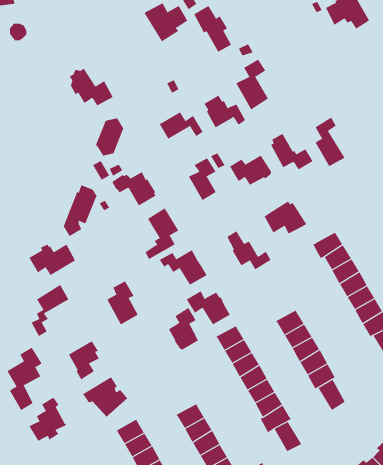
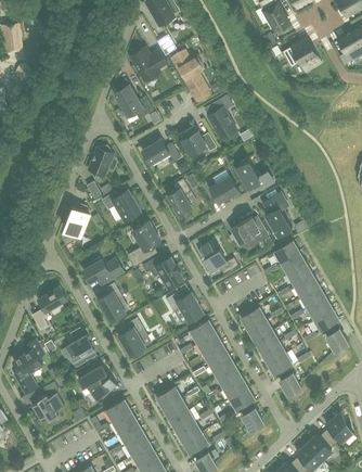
building: [69,68,114,106] -> [115,86,153,118]
building: [315,117,346,167] -> [266,193,292,235]
building: [29,244,76,276] -> [82,258,122,285]
building: [168,307,199,351] -> [118,318,144,355]

